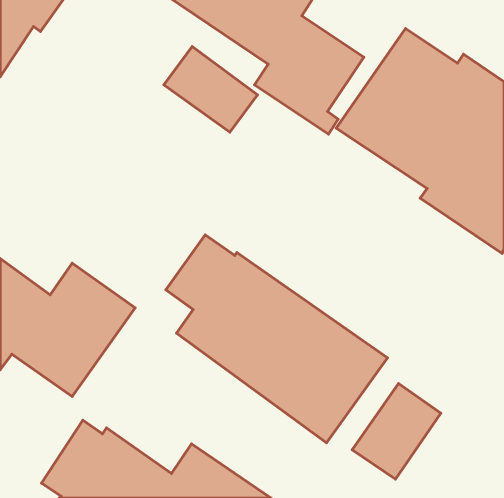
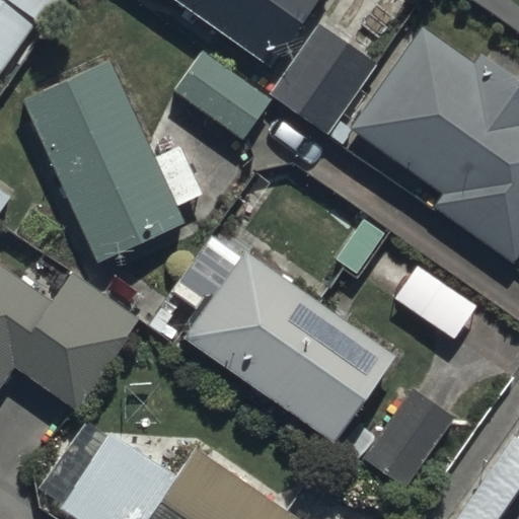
building: none -> [22,58,202,263]

